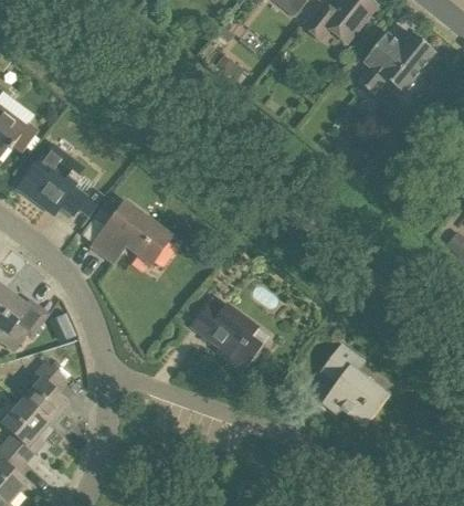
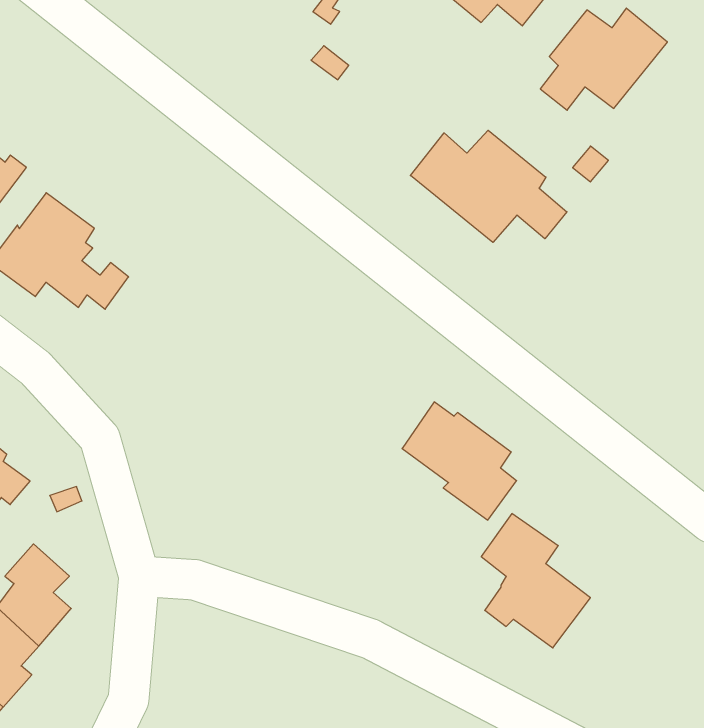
building: none -> [410,130,567,242]
building: [93,200,173,264] -> none
building: [191,297,262,370] -> [402,402,517,520]

